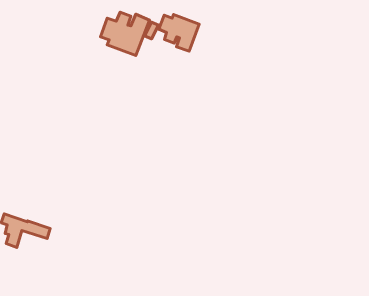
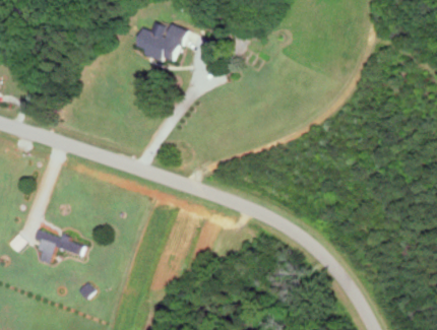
building: [159,15,199,51] -> none

